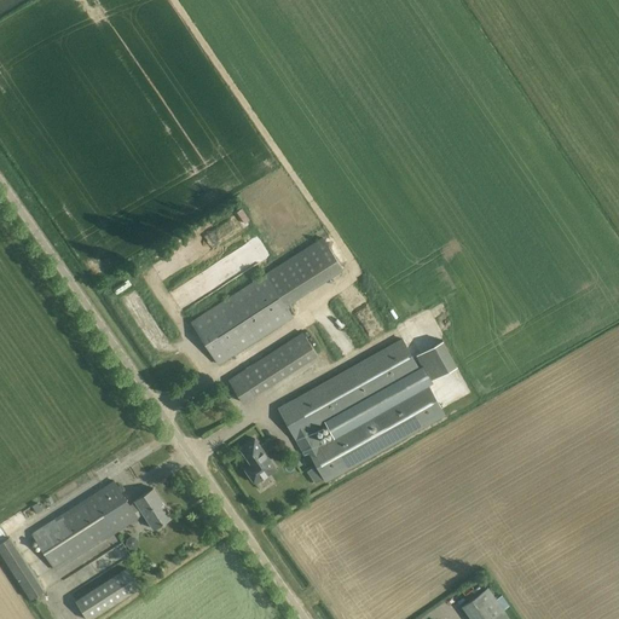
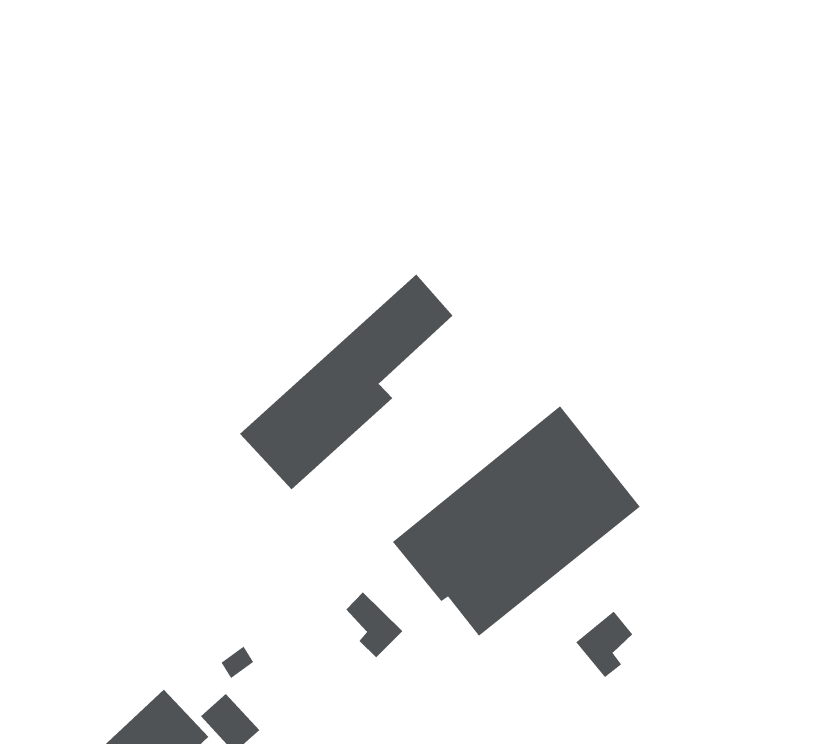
building: [227,330,318,404] -> none
building: [416,342,455,381] -> none
building: none -> [575,610,633,678]

